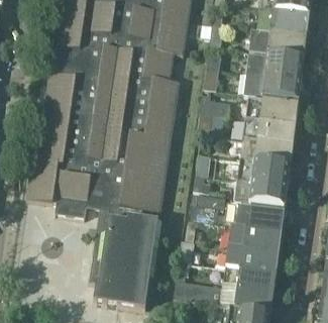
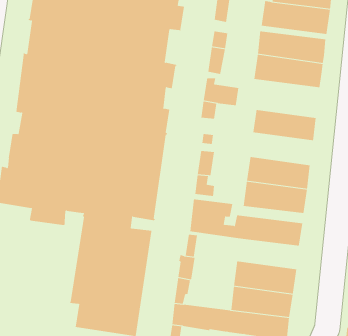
building: [245,99,299,126] -> none
building: [240,138,294,166] -> none
building: [229,227,282,252] -> none

